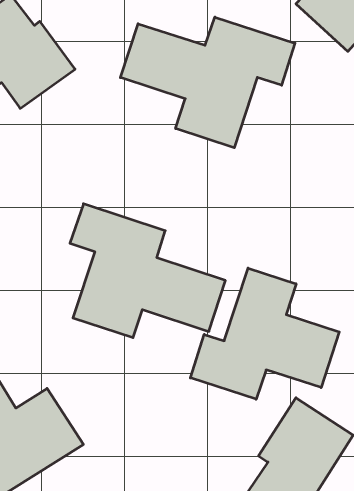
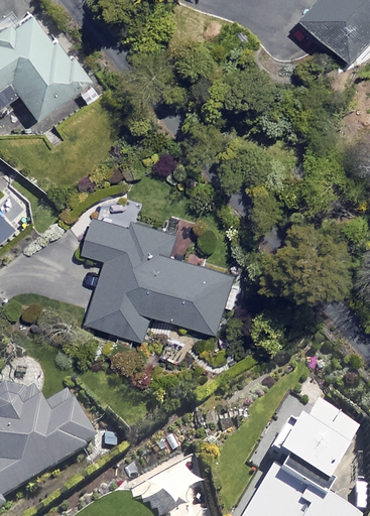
building: [120,17,295,148] -> none
building: [190,268,339,399] -> none

